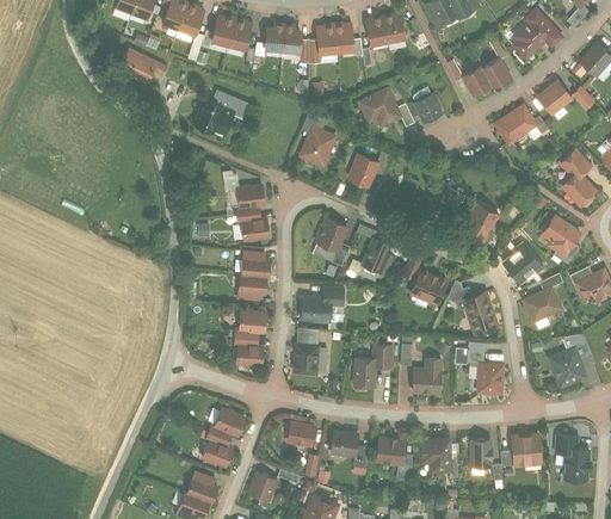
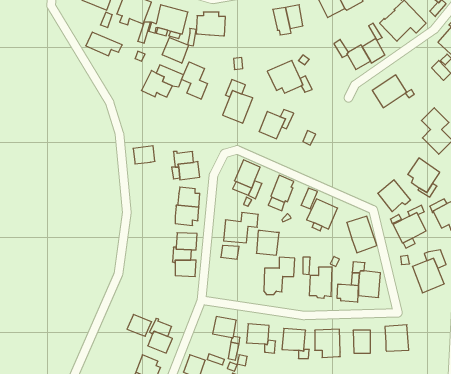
building: [315,21,353,54] -> none
building: none -> [162,37,188,63]
building: [537,80,574,116] -> none
building: none -> [182,62,208,99]
building: [412,91,444,123] -> none
building: [236,183,265,206] -> [133,146,155,164]
building: [462,203,500,247] -> none
building: [291,342,321,375] -> [256,231,279,255]
building: none -> [337,284,358,302]
building: [214,407,246,435] -> [127,314,152,336]
building: [555,433,591,478] -> none

